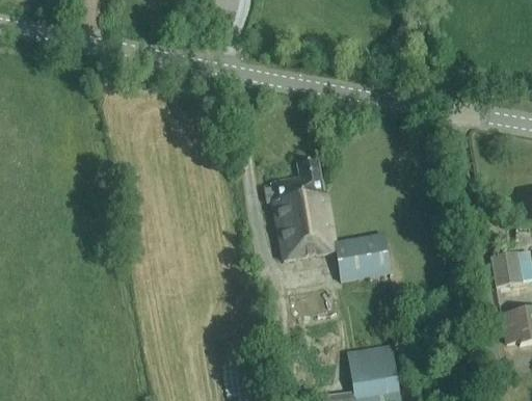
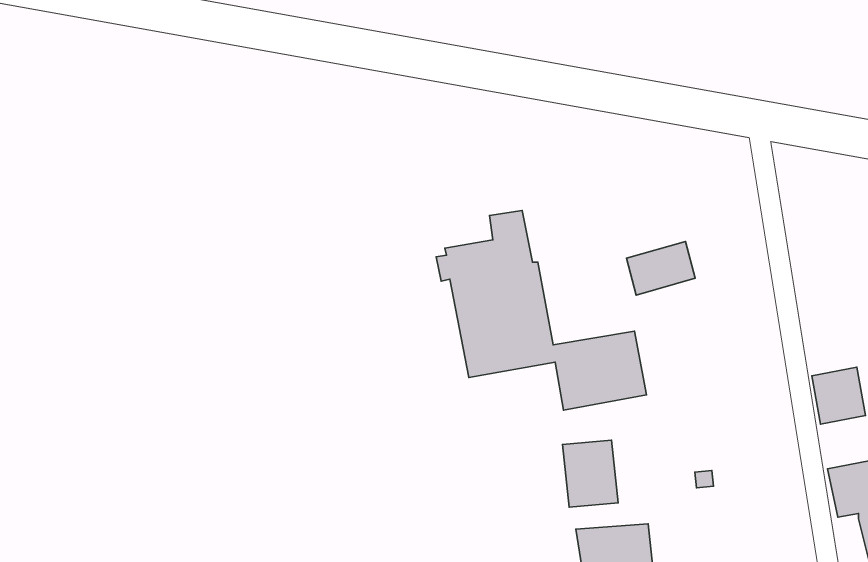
building: none -> [626,241,695,295]
building: none -> [563,440,618,507]

